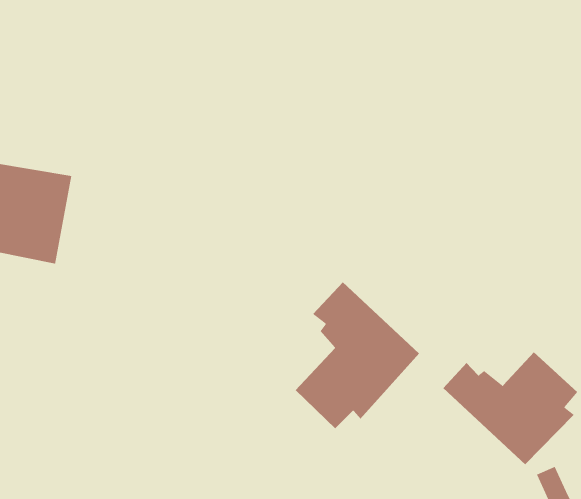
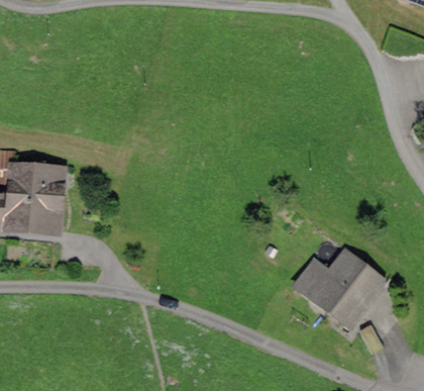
building: [295,282,420,429] -> none

